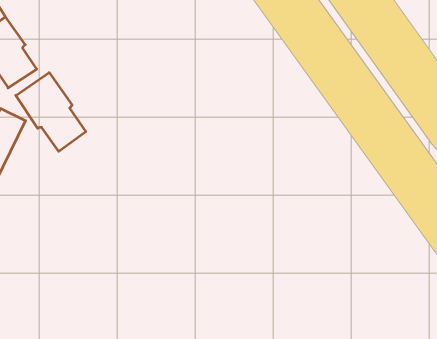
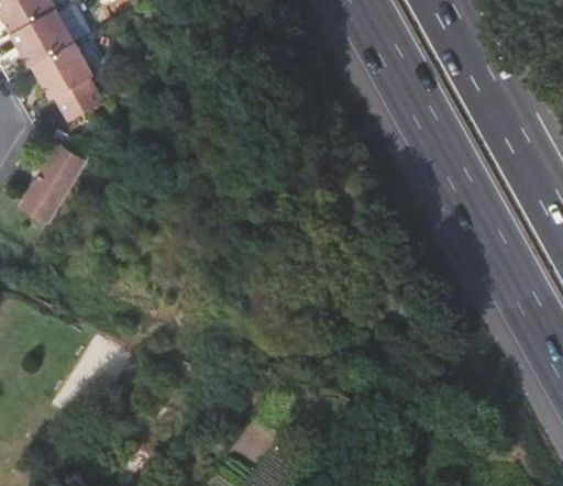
building: [16,73,86,151] -> none

